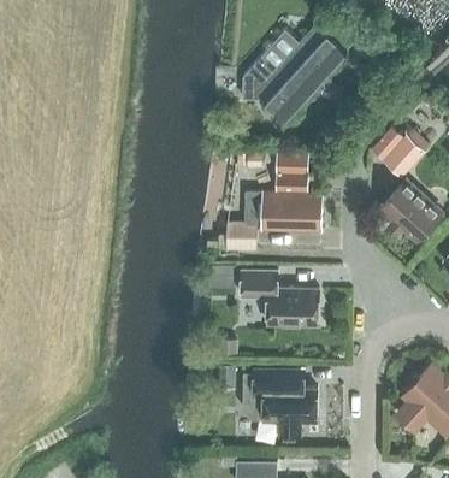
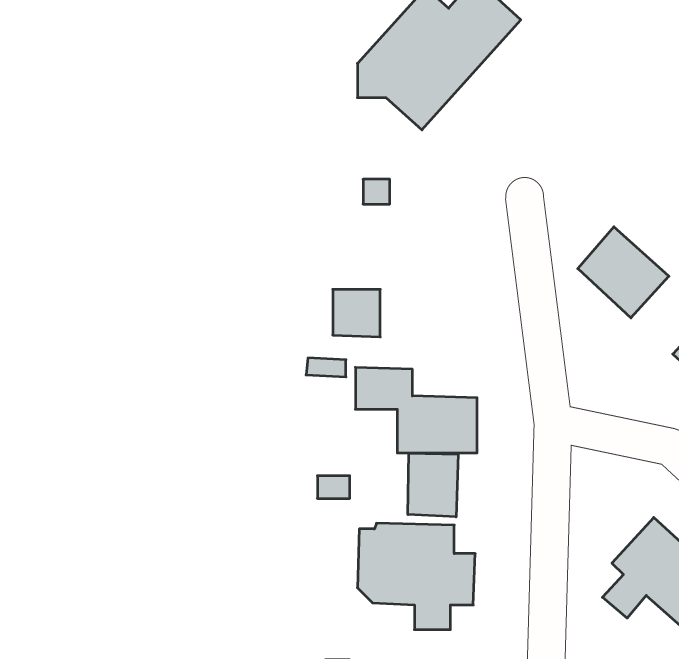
building: [383,135,426,178] -> none
building: [261,155,323,232] -> none
building: none -> [408,453,458,517]

